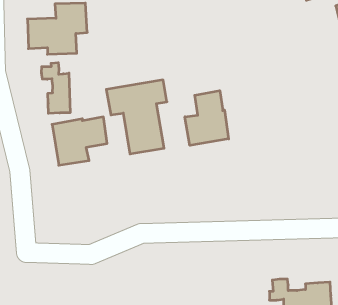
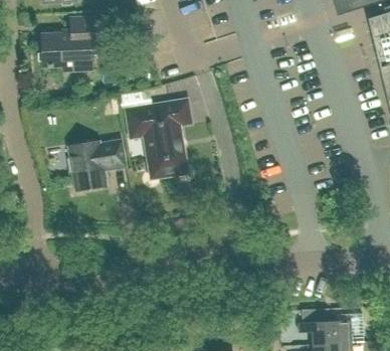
building: [42,63,70,113] -> none
building: [185,91,229,145] -> none

